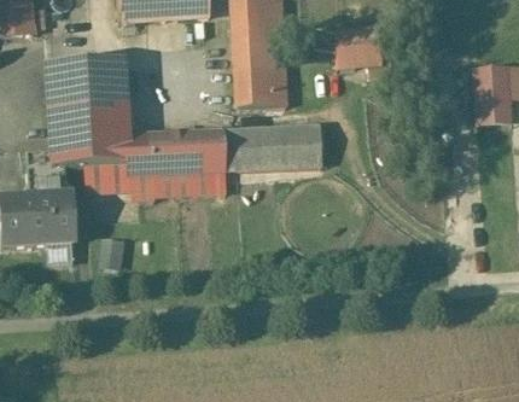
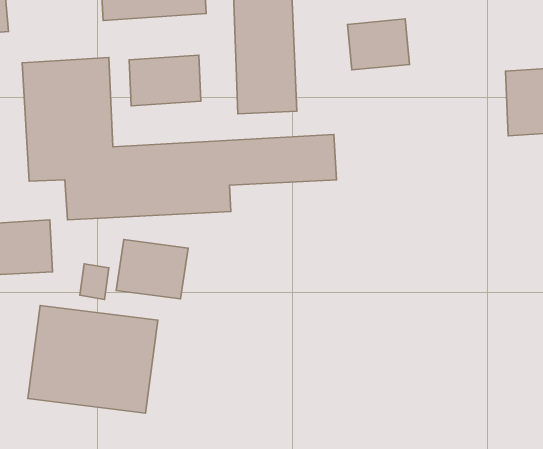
building: none -> [129,55,201,106]
building: none -> [116,240,188,299]
building: none -> [28,306,158,413]

